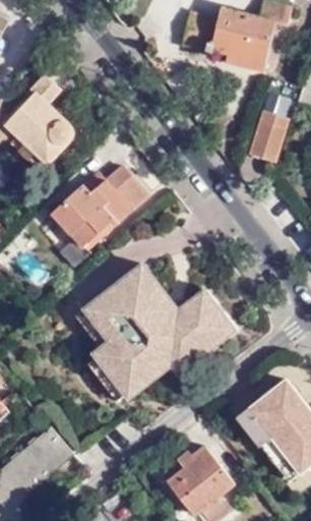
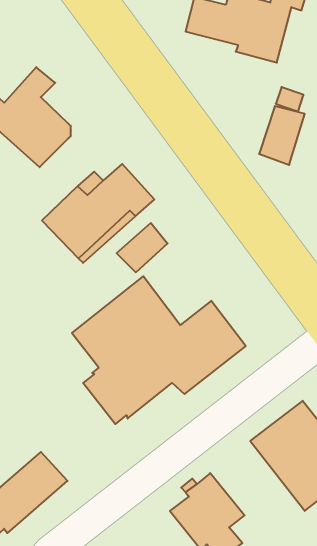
building: none -> [117,223,168,272]

